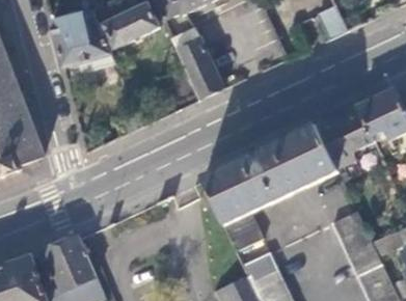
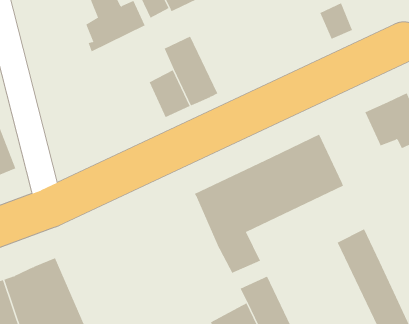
building: [53,9,120,77] -> none
building: [317,104,376,167] -> none

